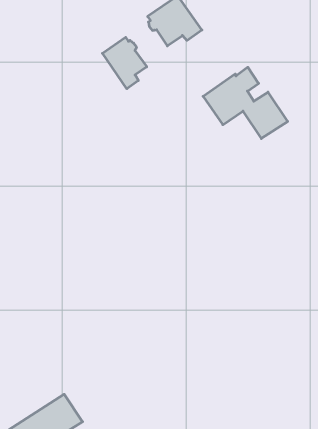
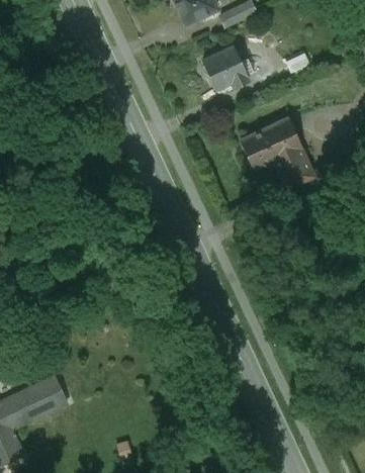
building: [102,37,147,89] -> none

